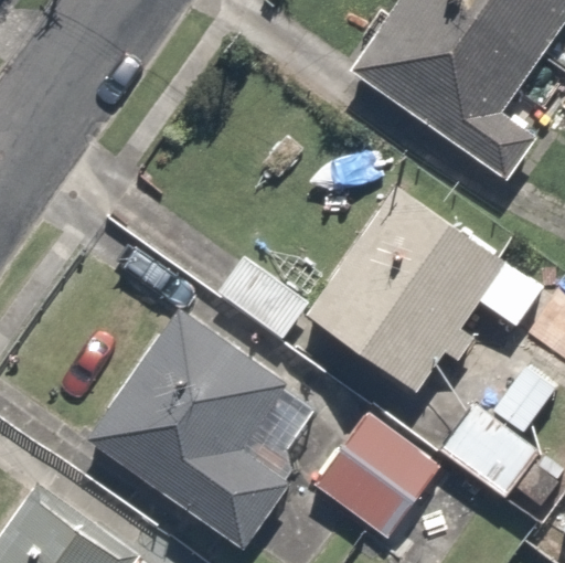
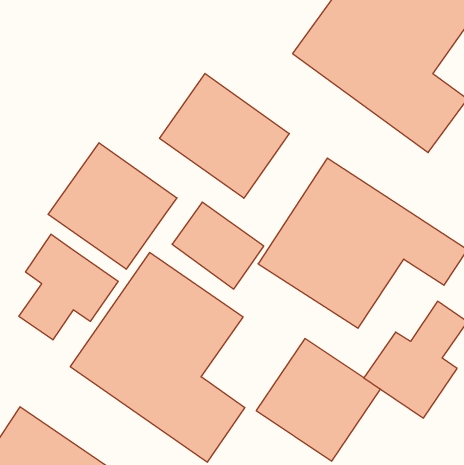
building: none -> [160,73,289,198]
building: none -> [48,143,177,269]
building: none -> [19,234,118,340]

